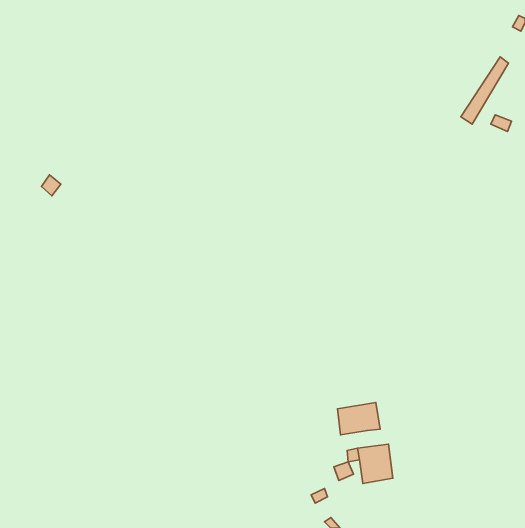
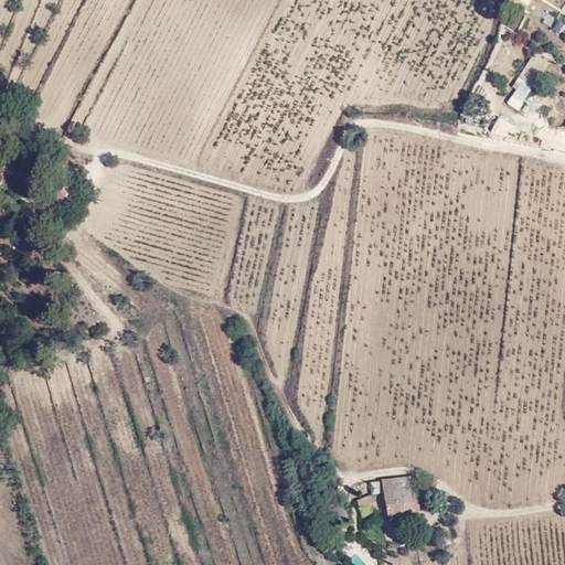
building: [338,403,380,435] -> none

